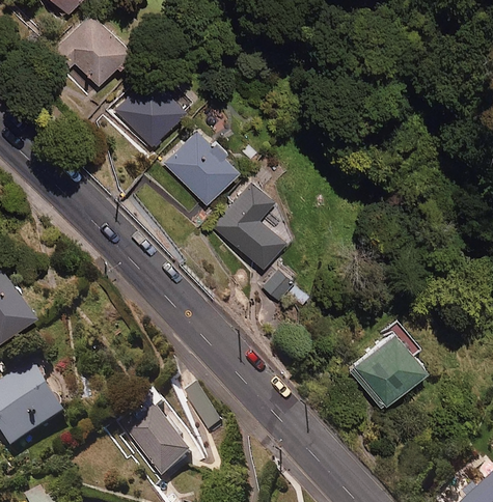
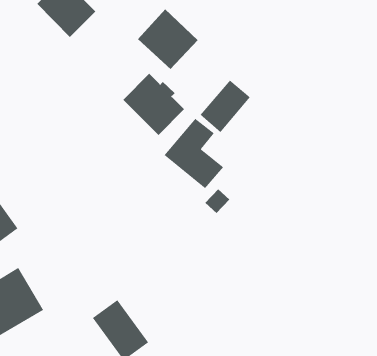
building: [112,72,187,146] -> [137,9,198,70]
building: none -> [199,80,251,133]
building: [355,330,428,410] -> none

